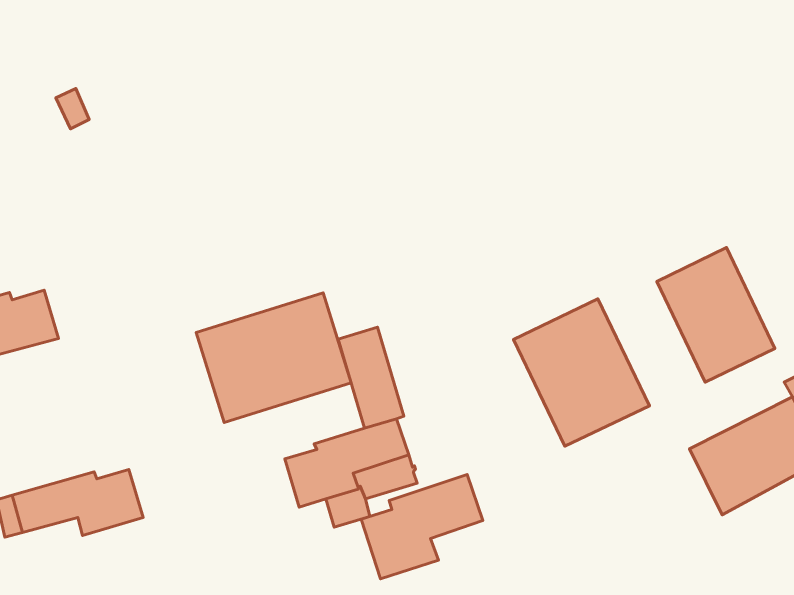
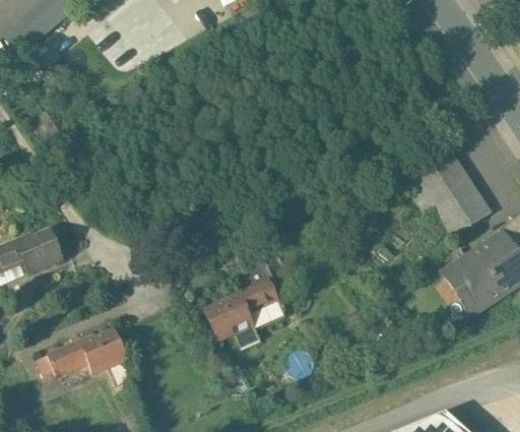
building: [196,293,351,423] -> none
building: [513,299,649,446] -> none
building: [361,475,483,579] -> none

